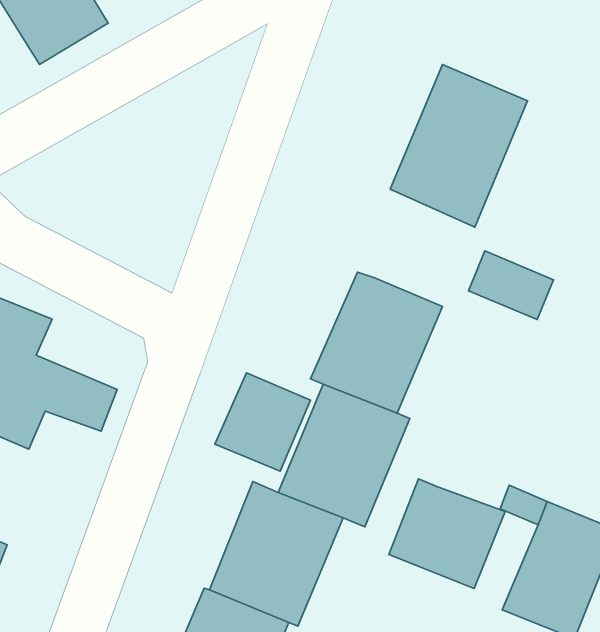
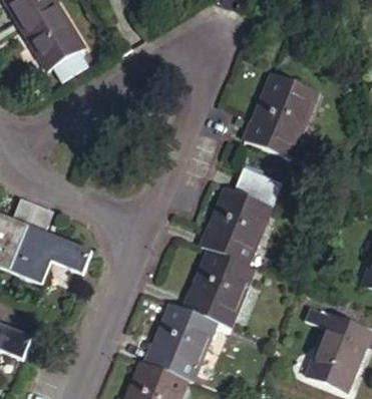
building: [469,251,554,320] -> [235,167,282,206]
building: [215,373,310,471] -> none
building: [389,479,505,589] -> none

